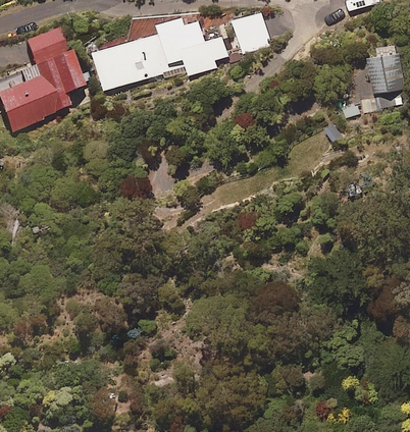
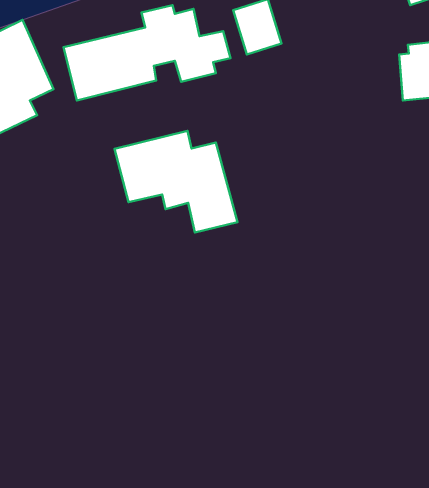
building: none -> [115,131,237,232]

